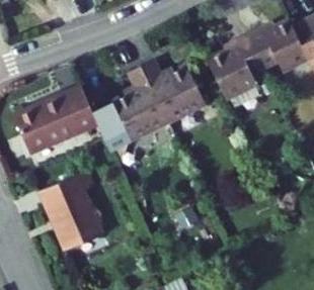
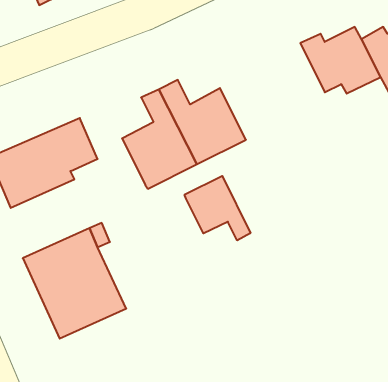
building: [207,33,265,100] -> none
building: [96,104,132,148] -> none
building: none -> [185,176,250,240]

